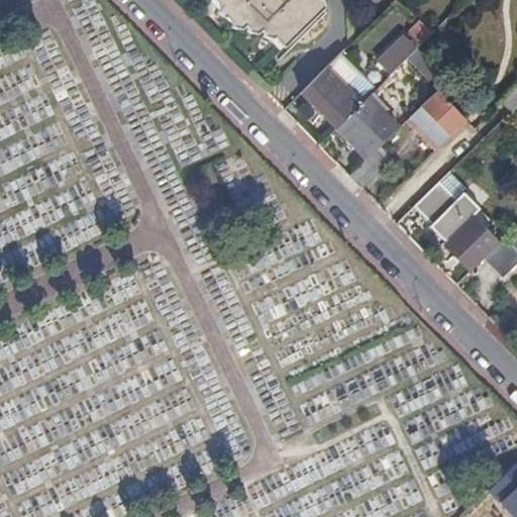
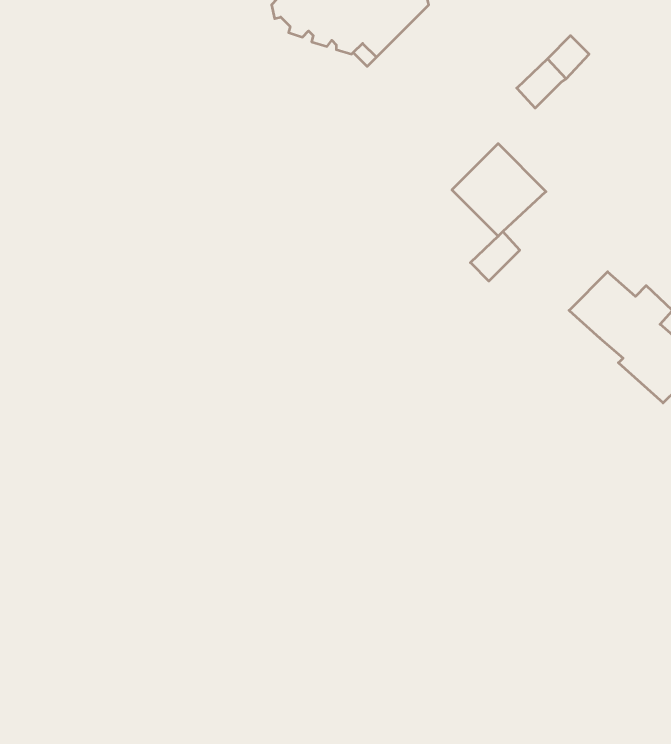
building: [301,51,376,127] -> none
building: [410,90,466,144] -> none

